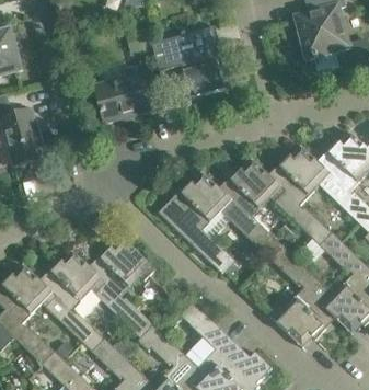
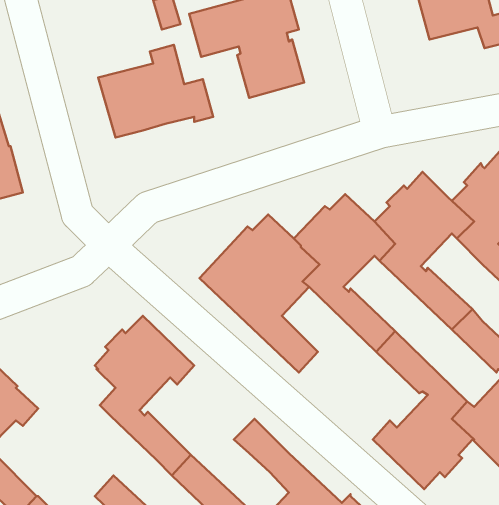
building: [42,251,105,352] -> none

